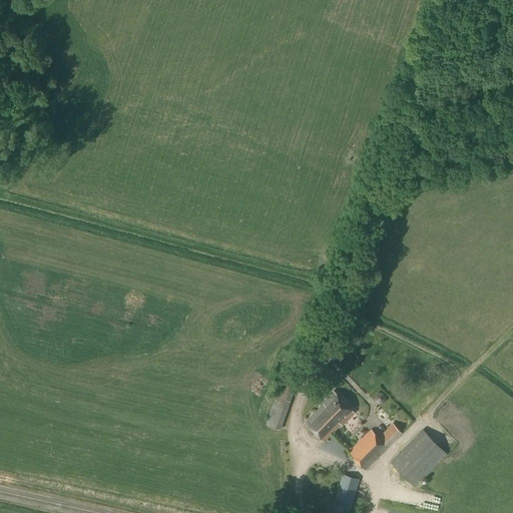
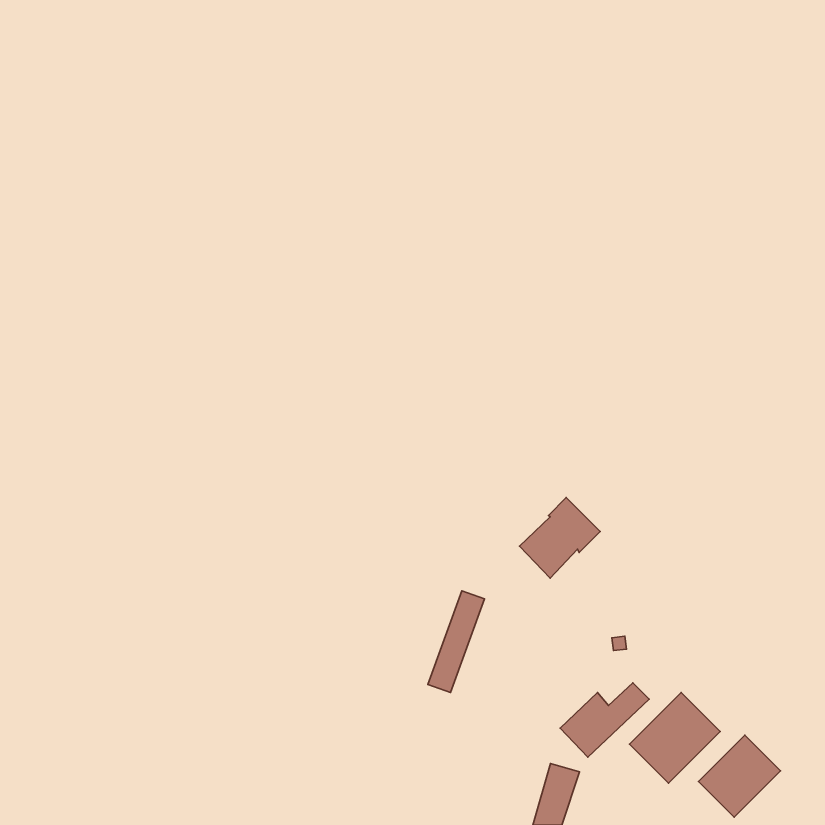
building: [305,392,355,442] -> [519,498,600,578]
building: none -> [698,735,781,817]

